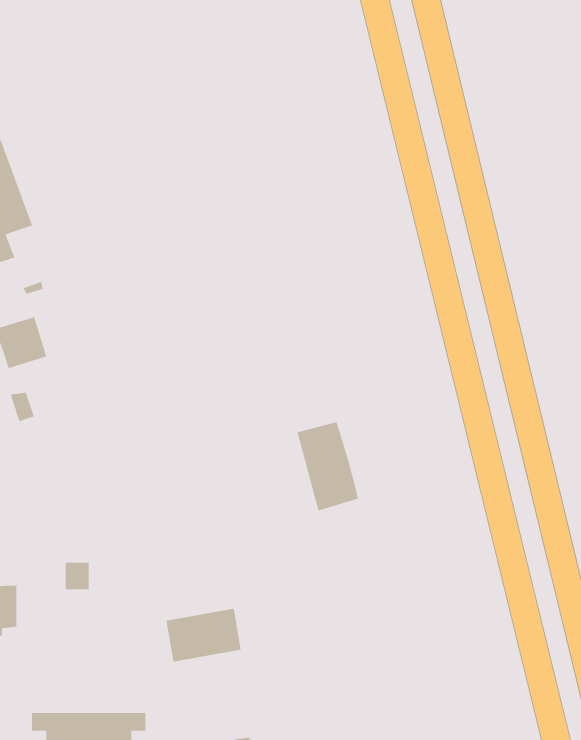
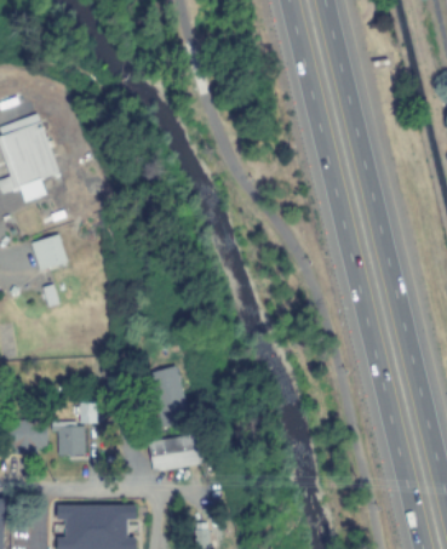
building: [297,421,358,511] -> [148,366,190,428]
building: none -> [52,421,85,454]

